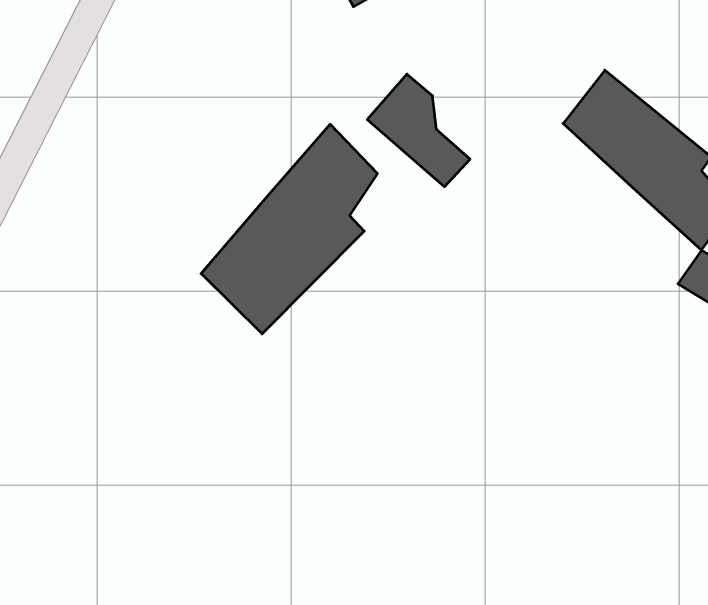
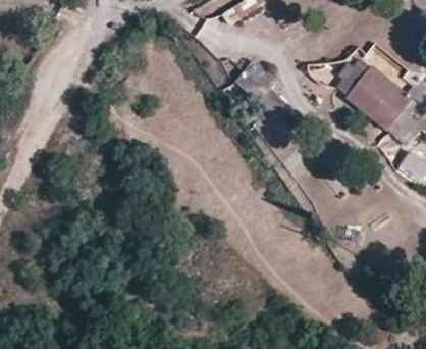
building: [201,124,377,334] -> none

